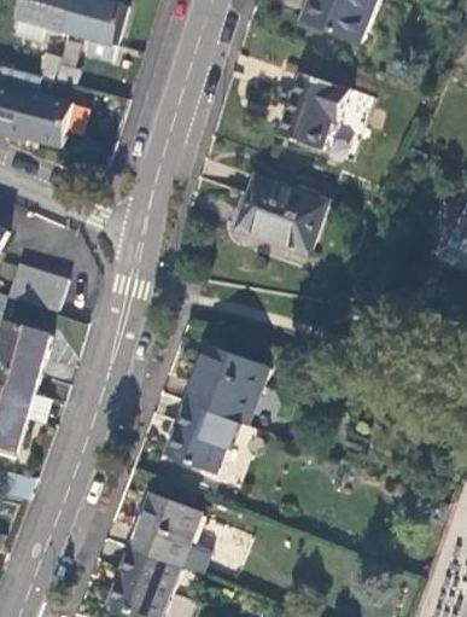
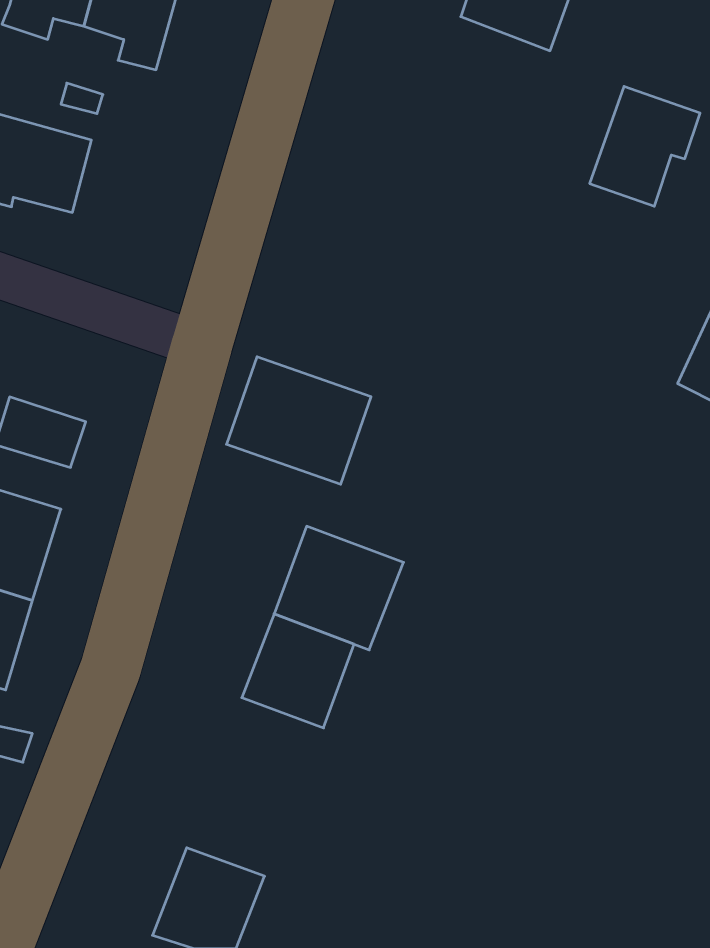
building: [279,74,349,150] -> [590,86,700,206]
building: [235,175,327,256] -> [226,357,371,484]
building: [130,493,202,567] -> none

